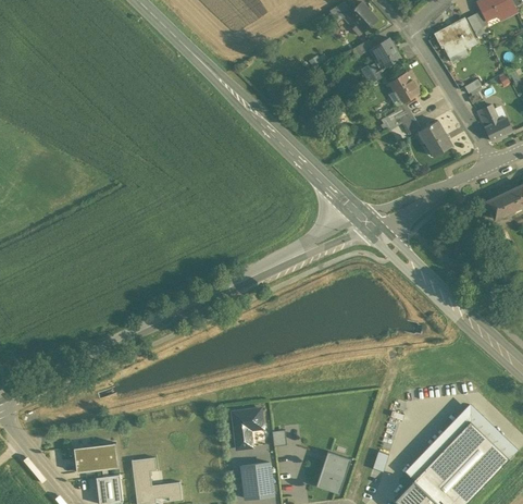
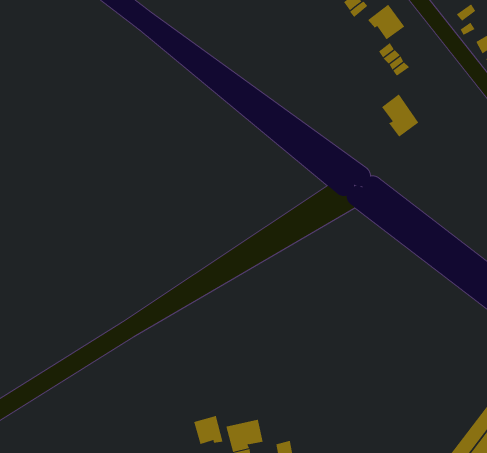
building: [421,120,451,157] -> [381,94,419,138]
building: none -> [193,415,223,445]

